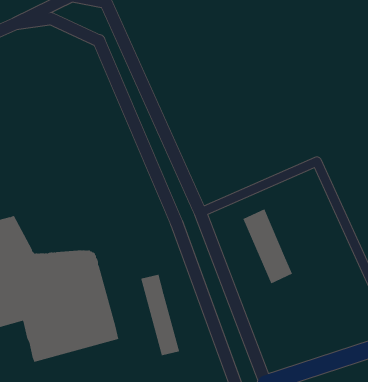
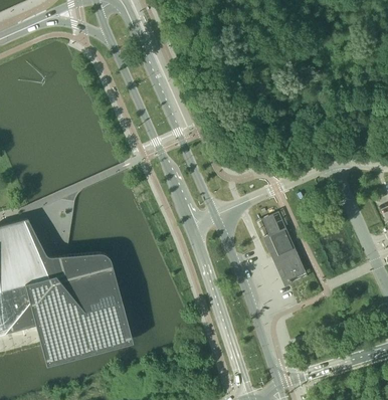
building: [140,274,180,356] -> none

